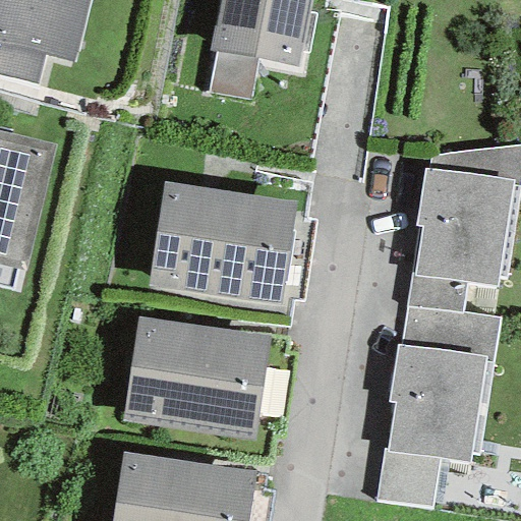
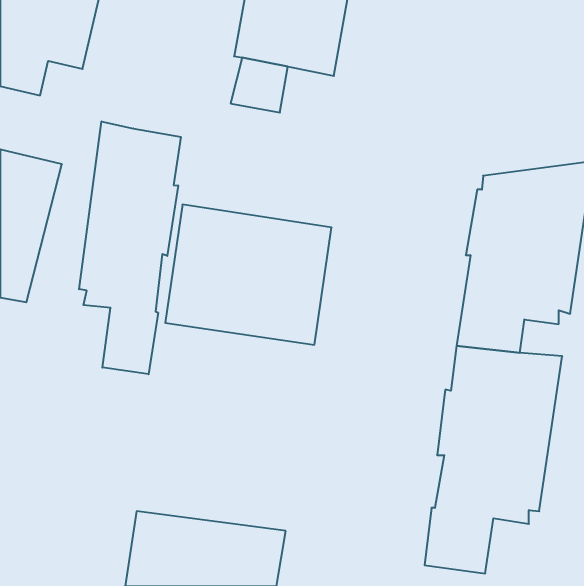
building: none -> [79,121,181,374]
building: [122,316,272,441] -> none

